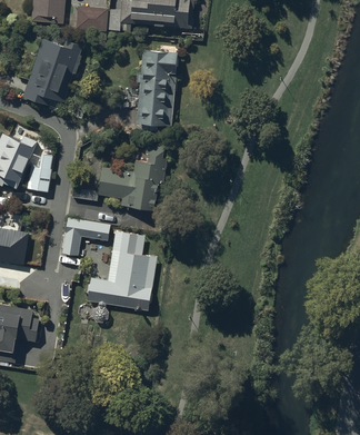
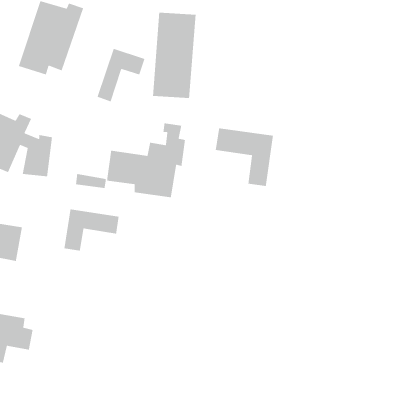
building: none -> [97,48,146,102]
building: none -> [215,127,274,187]
building: [88,234,154,310] -> none

